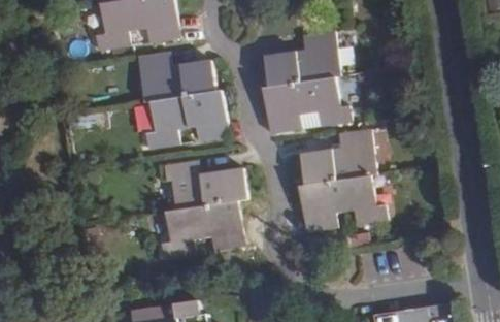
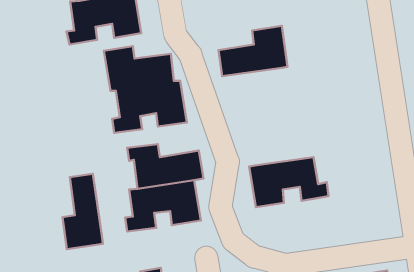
building: [262,76,351,134] -> none
building: [300,128,376,185] -> none
building: none -> [63,174,103,249]

